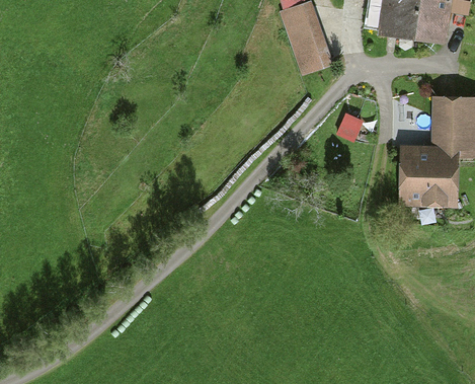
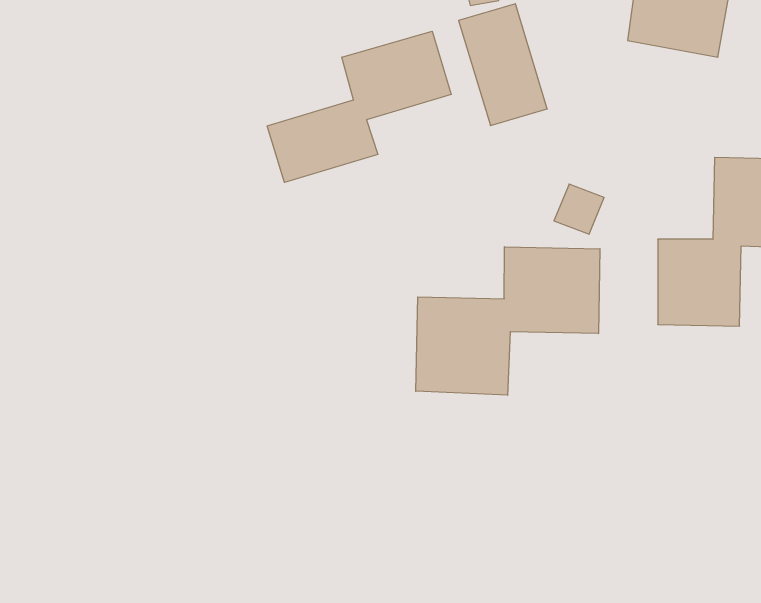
building: none -> [267,31,451,182]
building: none -> [416,247,600,395]

